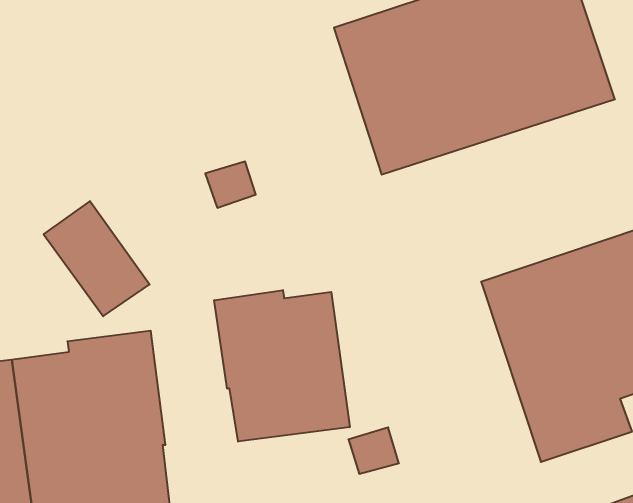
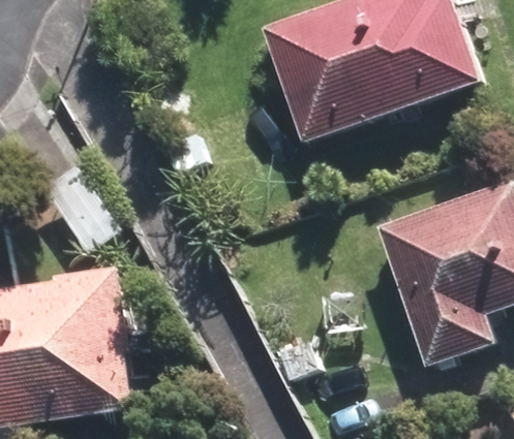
building: [214,290,350,442] -> none

